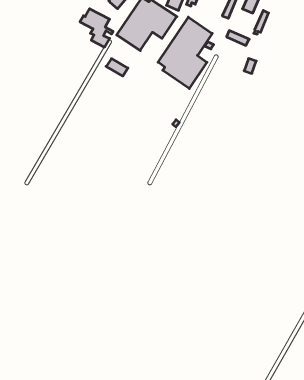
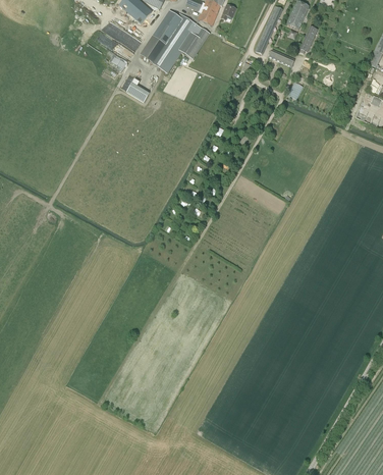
building: [158,17,212,89] -> none

